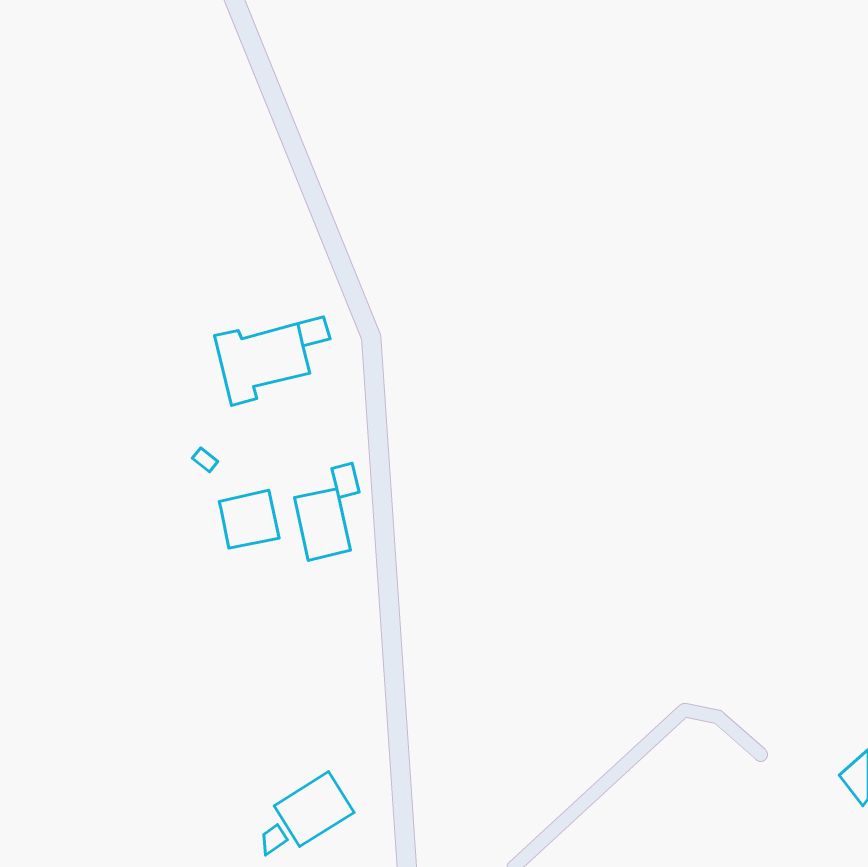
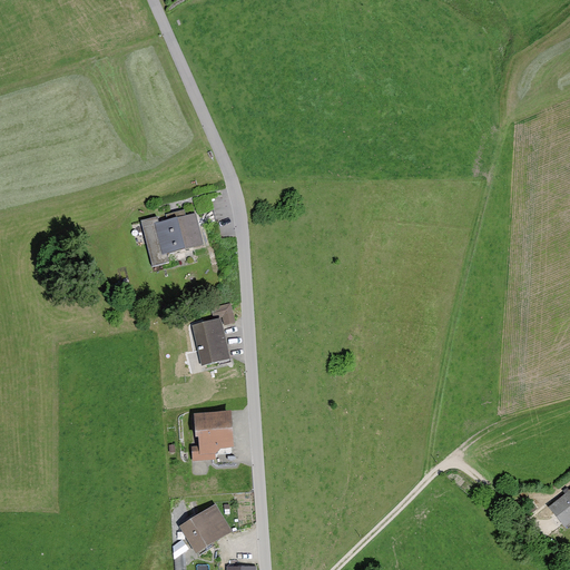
building: [219,490,279,548] -> none
building: none -> [191,412,233,459]

